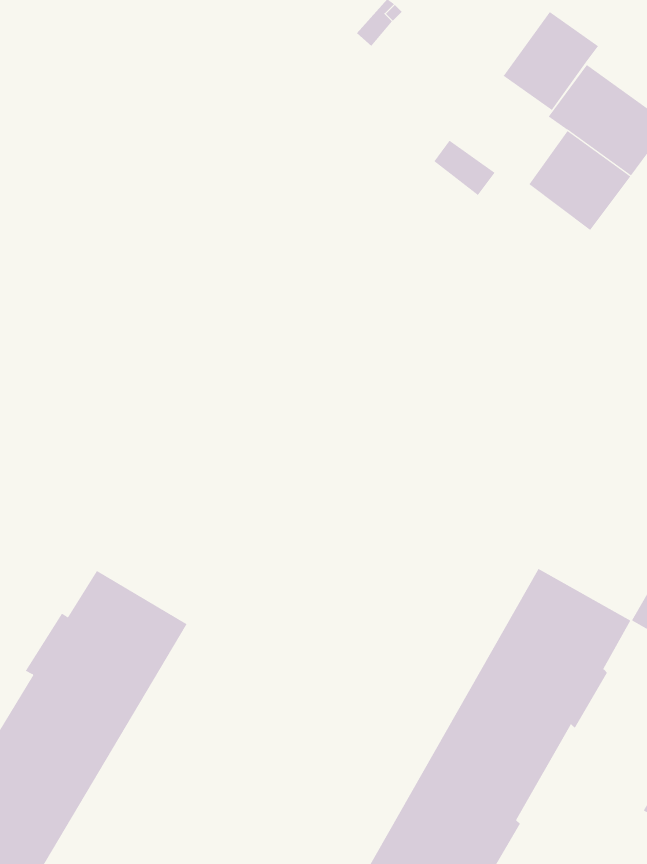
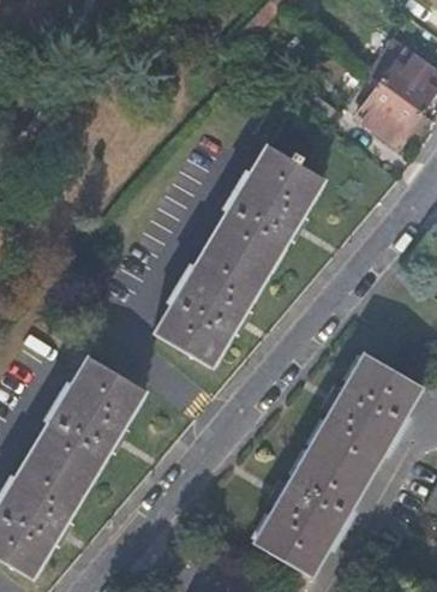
building: [503,11,599,111] -> none
building: none -> [154,116,325,369]

